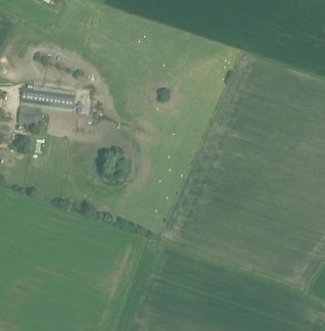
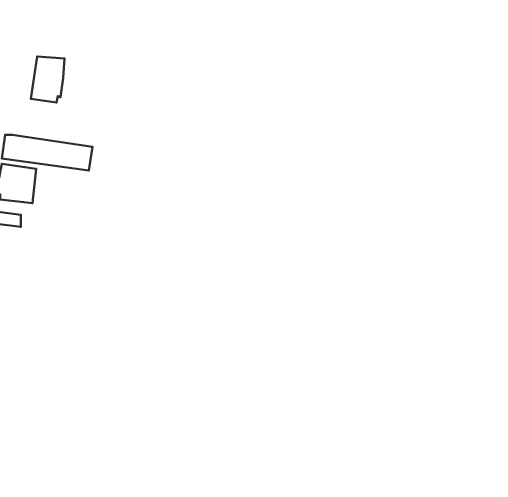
building: none -> [31,56,64,102]

